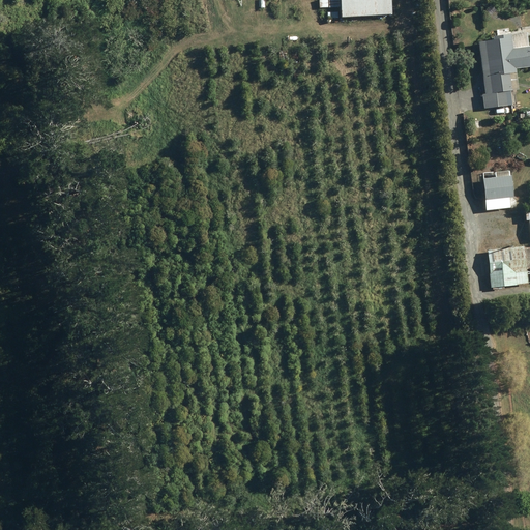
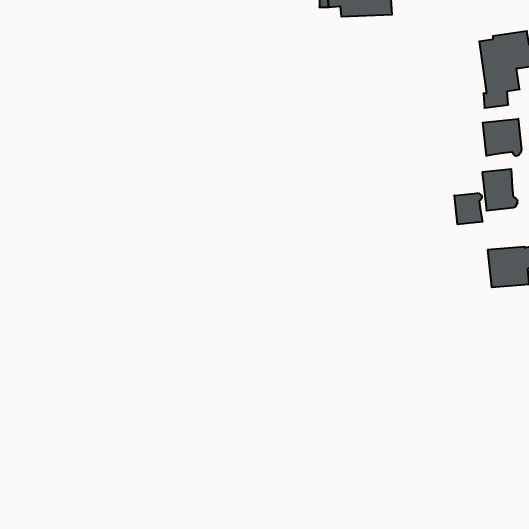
building: none -> [483,119,521,156]
building: none -> [454,193,482,224]

